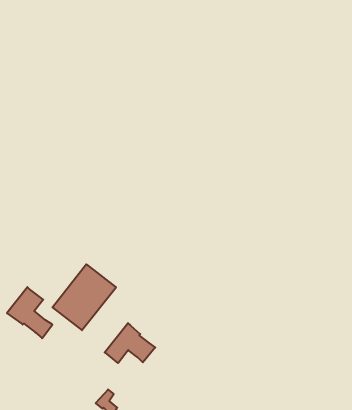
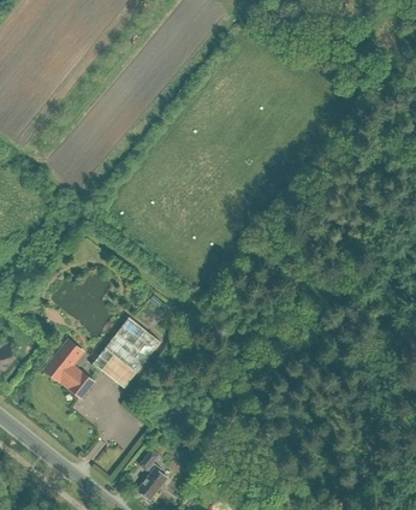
building: [105,323,155,363] -> none

